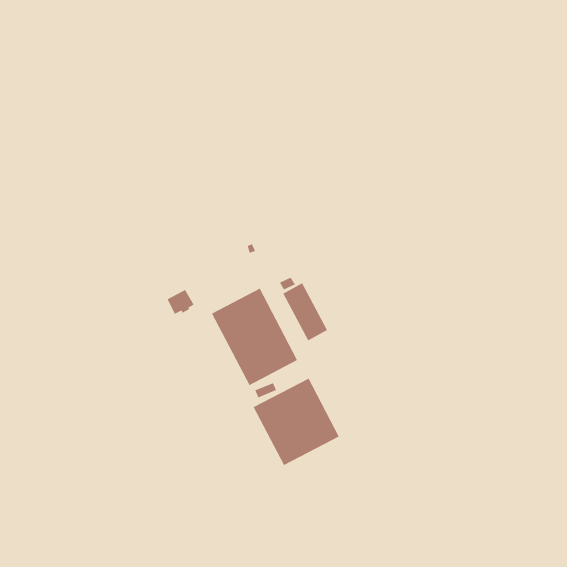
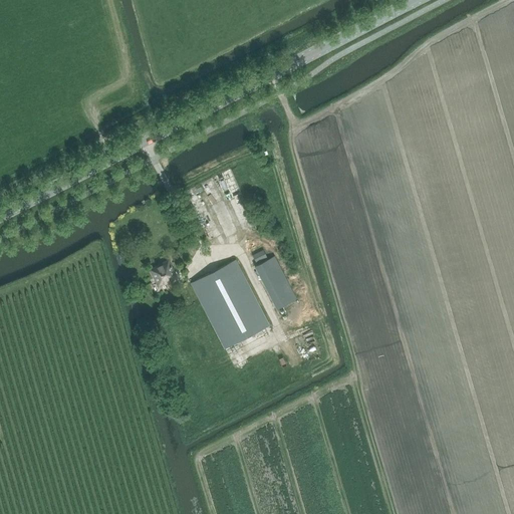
building: [253,378,340,466] -> none

